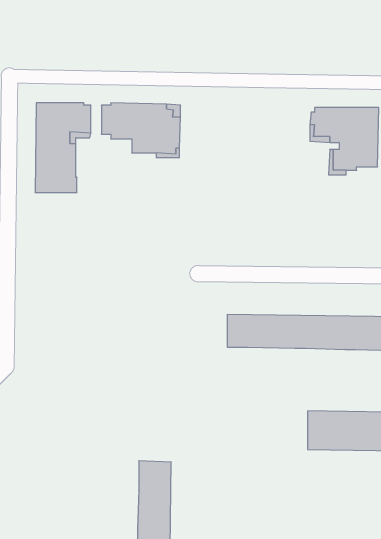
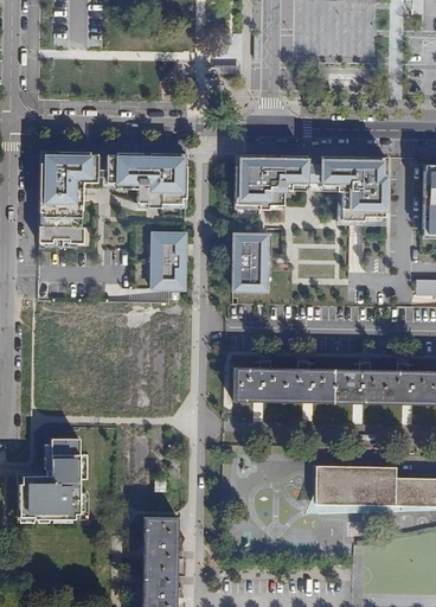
building: none -> [233,154,306,205]
building: none -> [150,232,185,289]
building: none -> [232,235,265,290]
building: none -> [18,439,86,519]

